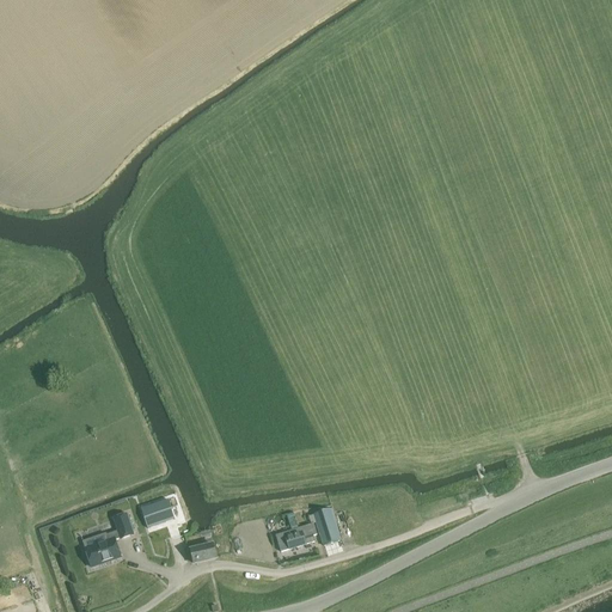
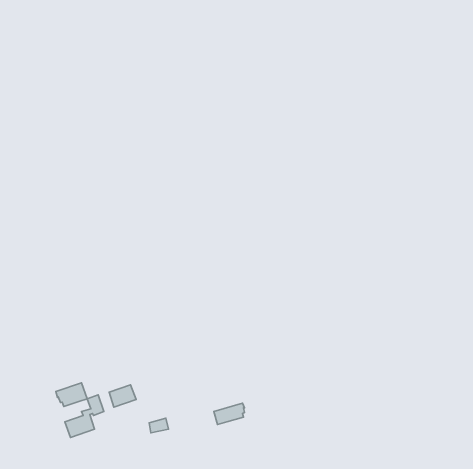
building: none -> [56,383,87,407]
building: [312,507,338,543] -> none

